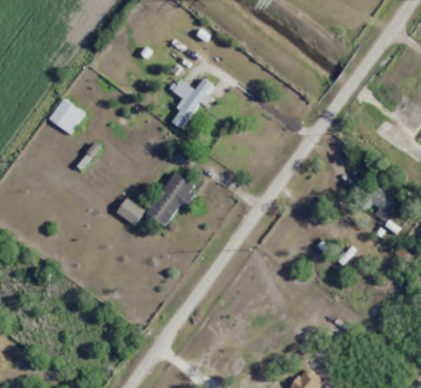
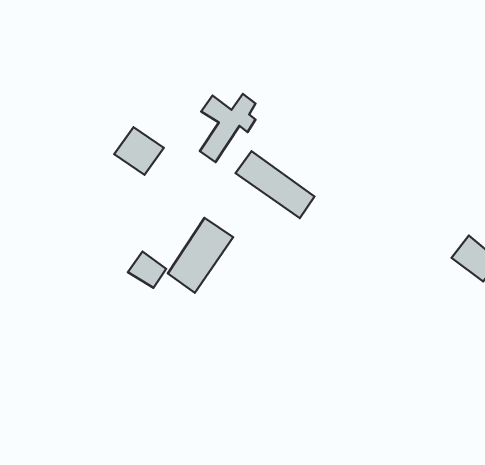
building: [48,98,86,134] -> [114,127,164,175]
building: none -> [235,151,314,218]

